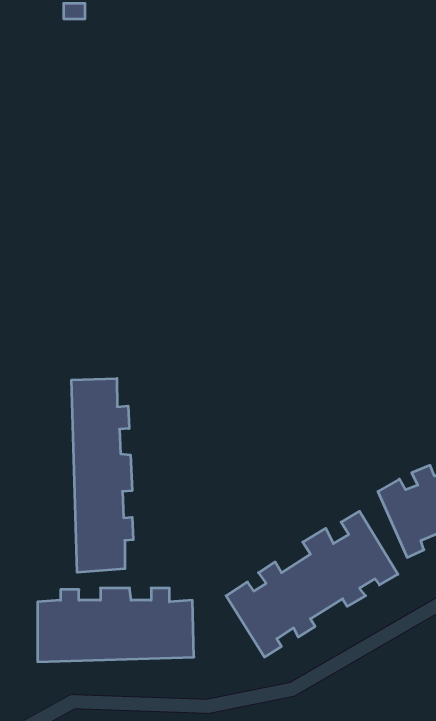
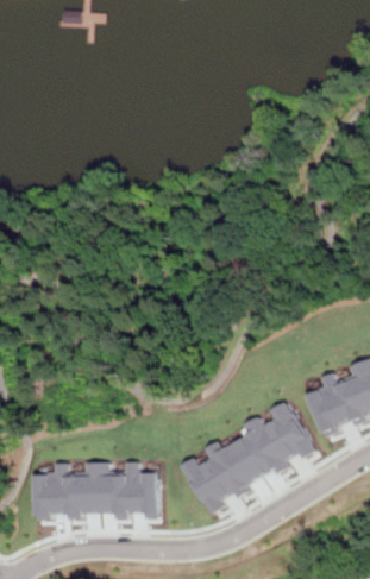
building: [72,378,133,572] -> none

